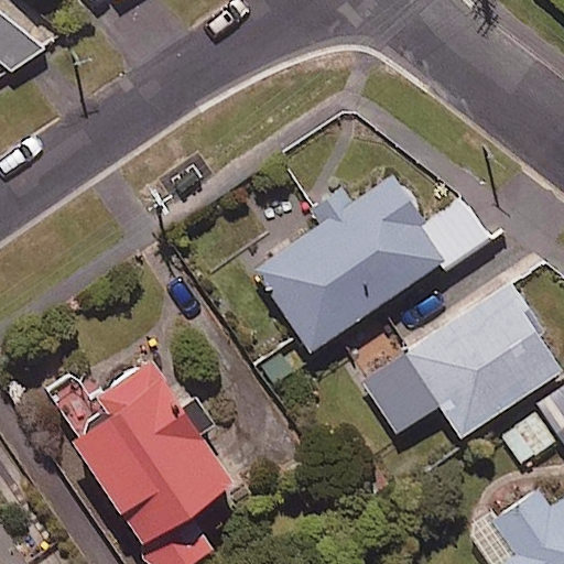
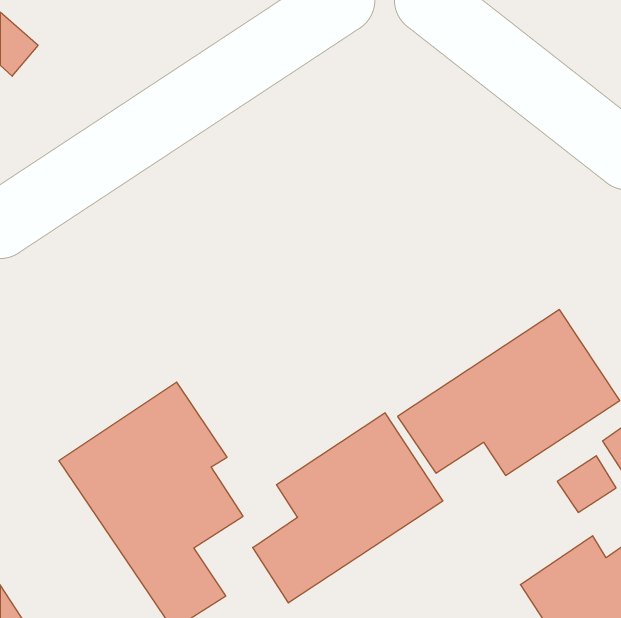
building: [258,177,491,349] -> none
building: none -> [253,413,443,603]

